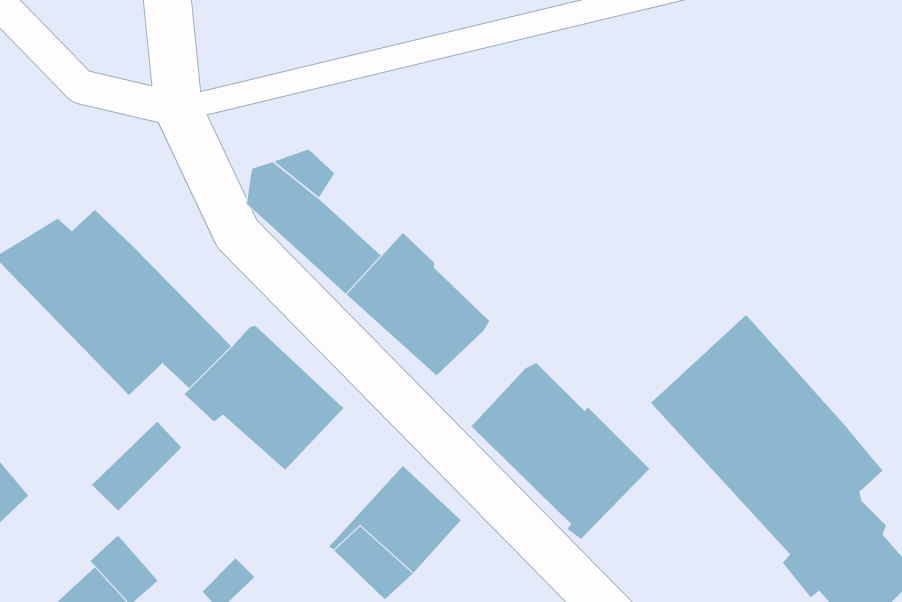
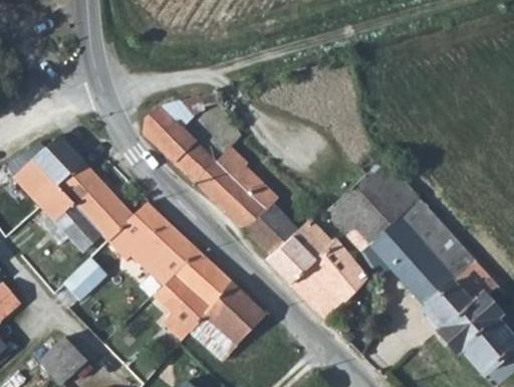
building: none -> [333,148,425,247]
building: none -> [250,206,300,255]
building: none -> [154,250,231,338]

